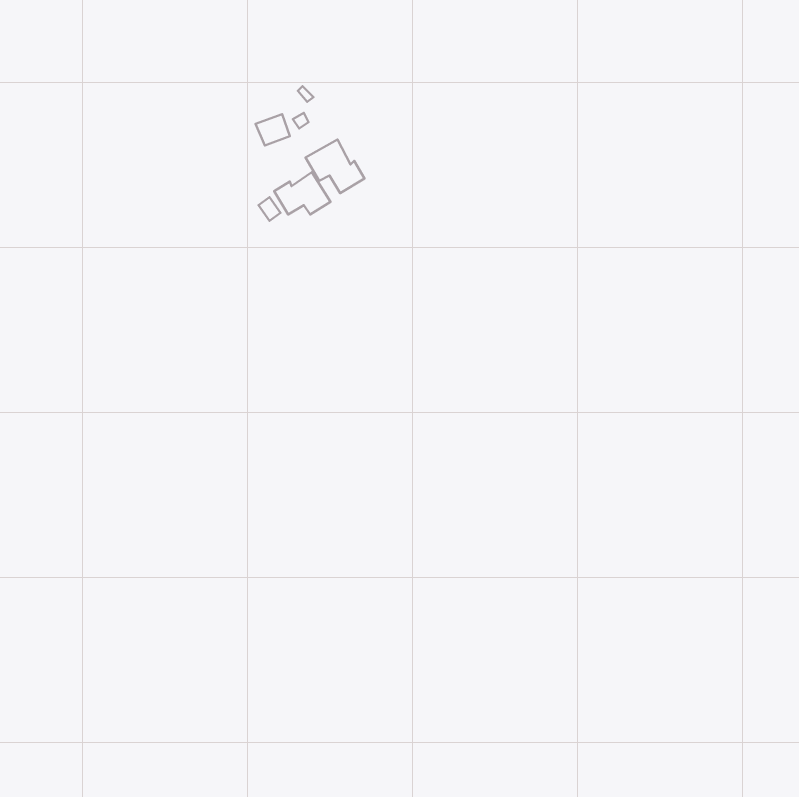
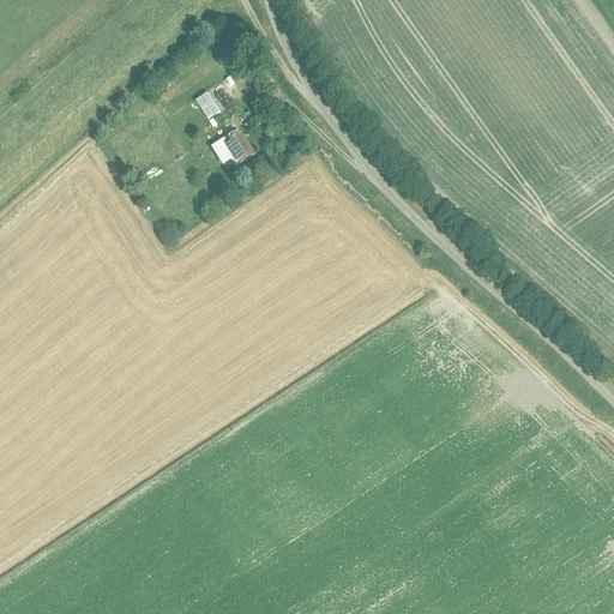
building: [306,140,365,193] -> none

